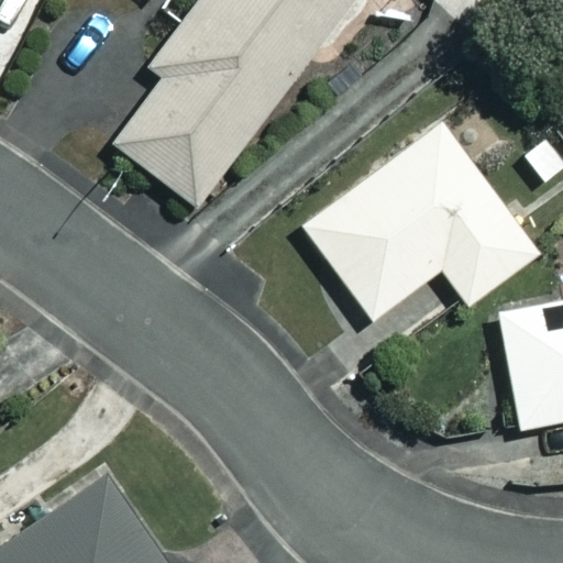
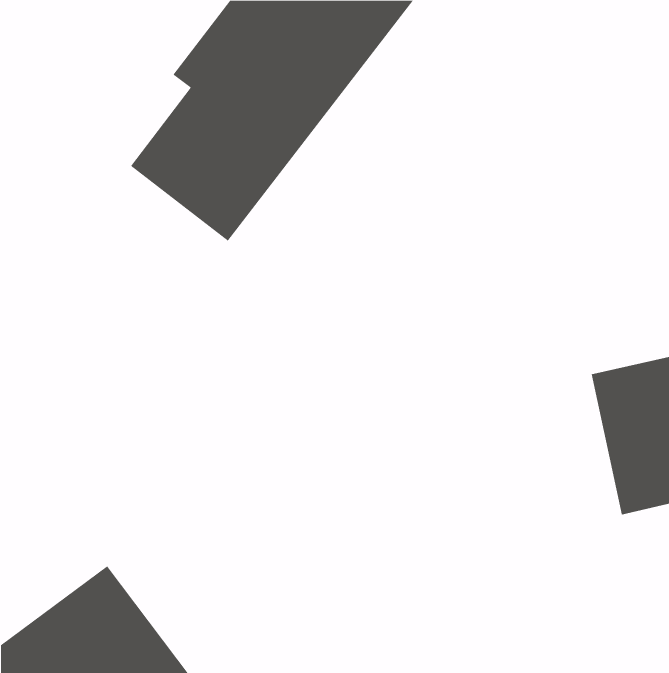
building: [305,123,539,317] -> none

